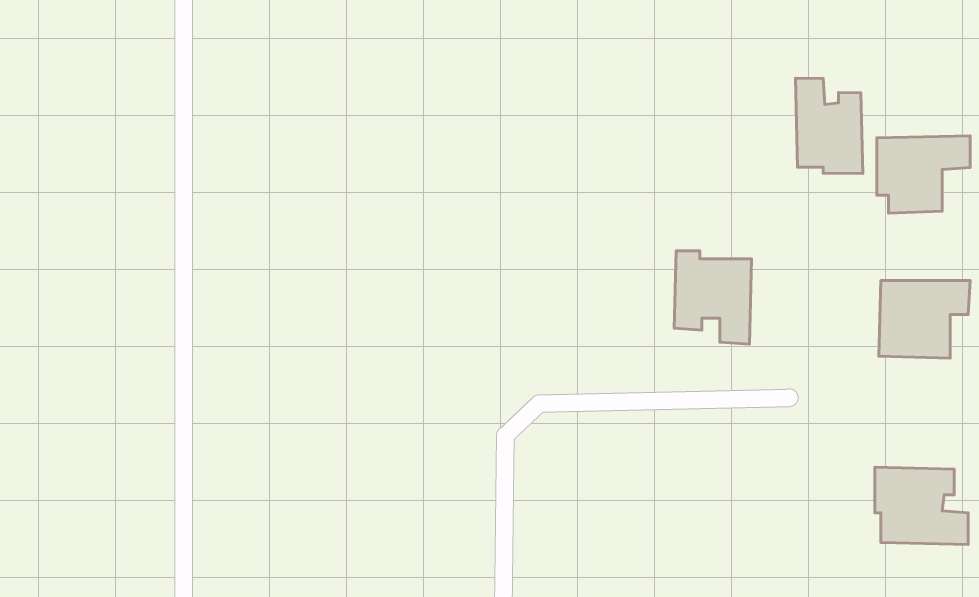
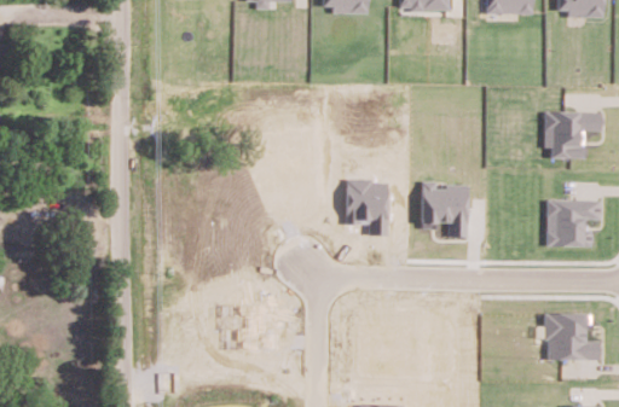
building: [796,78,863,174] -> none
building: none -> [346,180,388,236]

